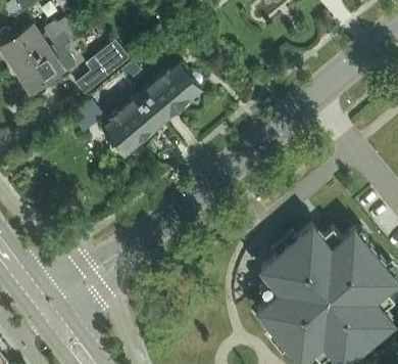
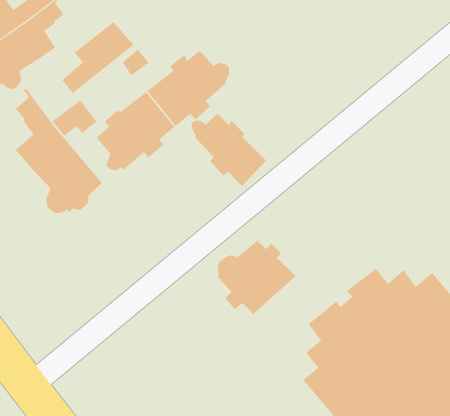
building: none -> [15,88,103,214]
building: none -> [191,113,267,187]
building: none -> [216,240,296,315]

